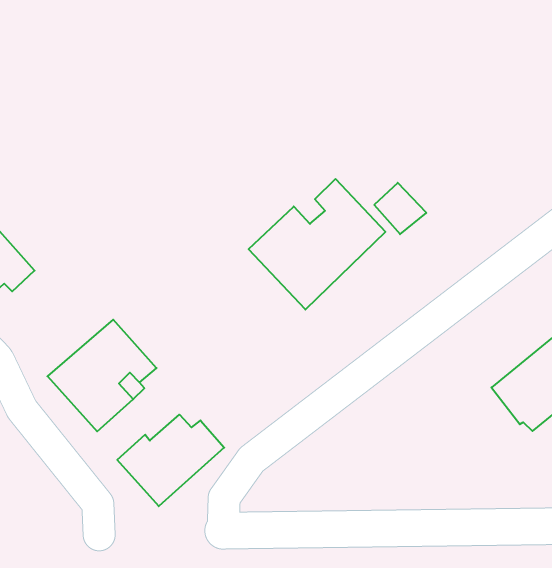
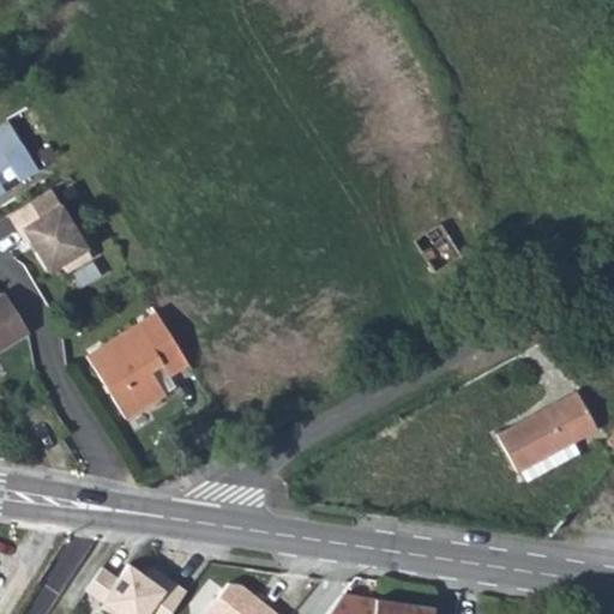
building: [249,179,385,310] -> none
building: [117,415,224,506] -> none

